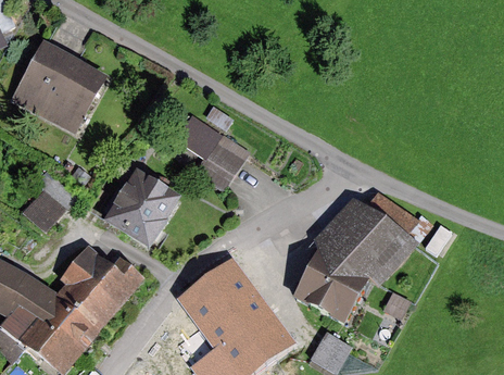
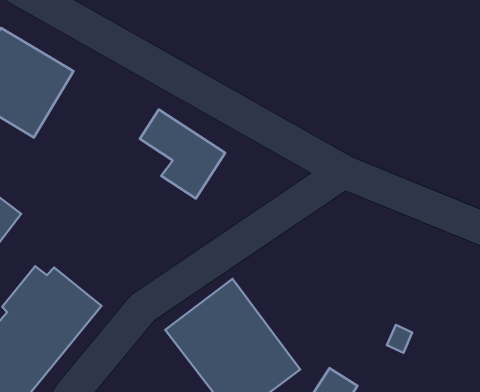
building: [112,172,191,252] -> none
building: [308,196,418,327] -> none

